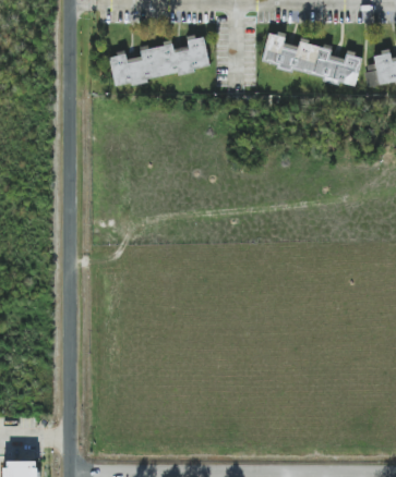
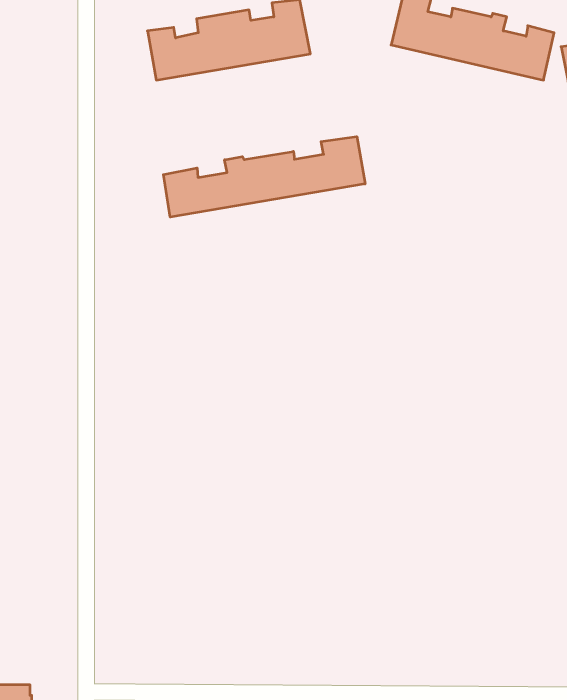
building: none -> [163,137,365,217]

